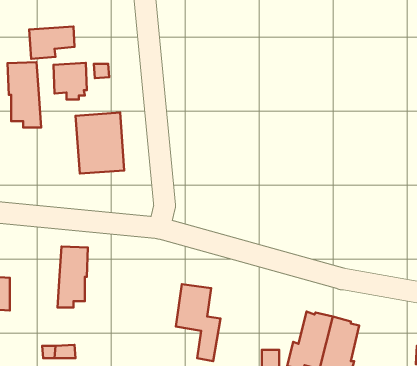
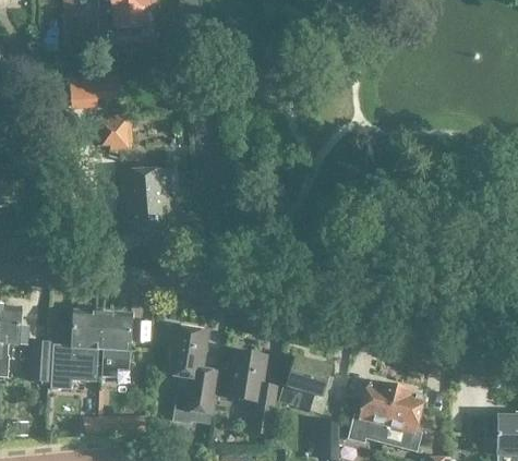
building: [8,62,41,128] -> none
building: none -> [51,308,105,389]
building: none -> [166,326,218,413]
building: none -> [287,356,334,412]

